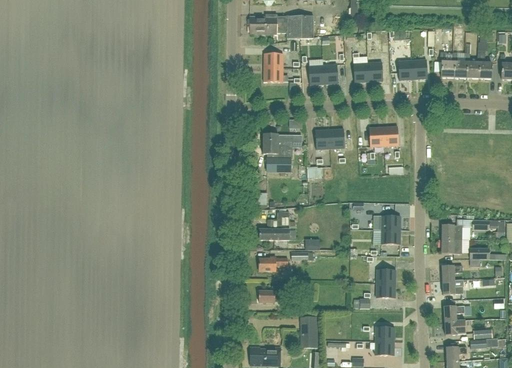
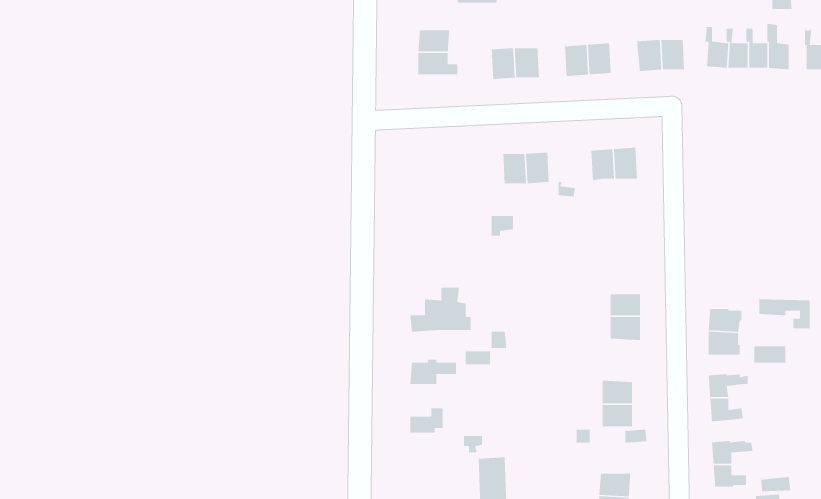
building: [262,133,292,171] -> none

